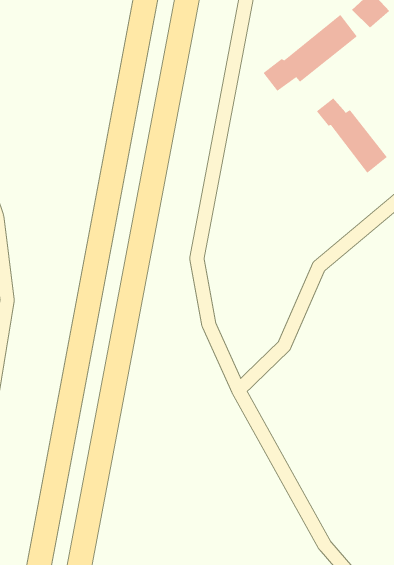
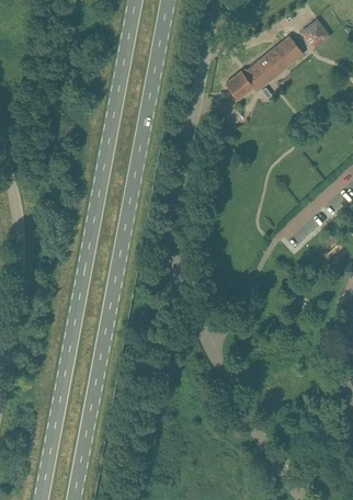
building: [316,97,388,174] -> none

